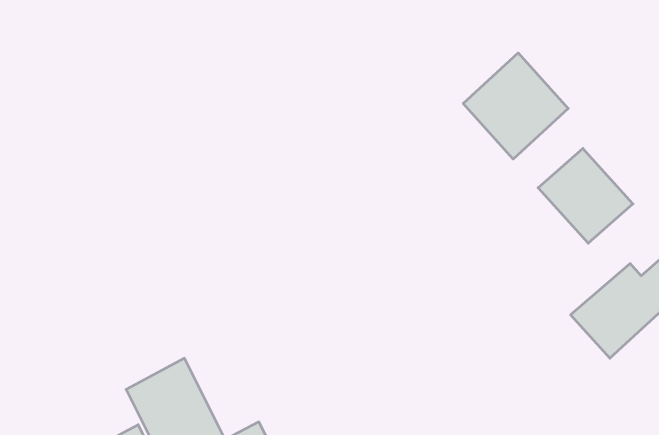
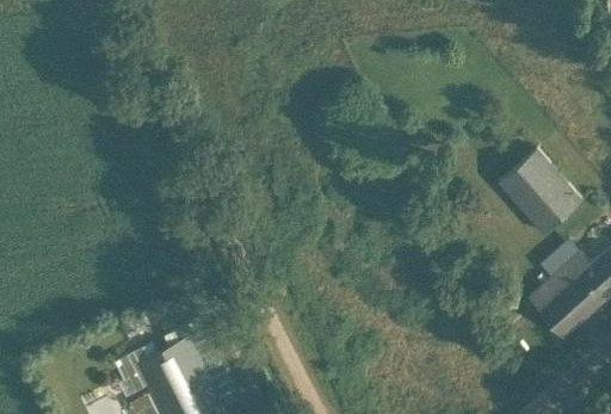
building: [463,53,568,159] -> none

